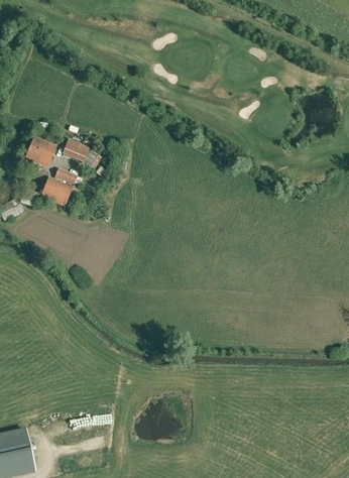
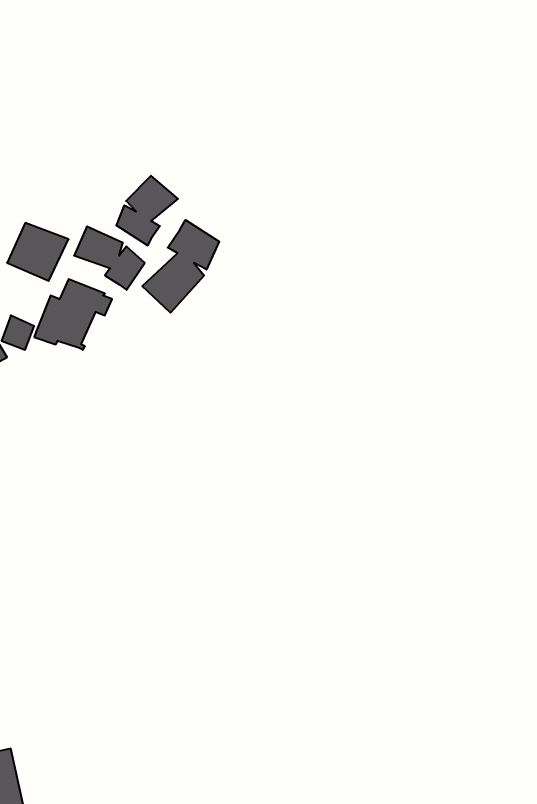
building: none -> [116,176,178,246]
building: none -> [142,220,219,313]

